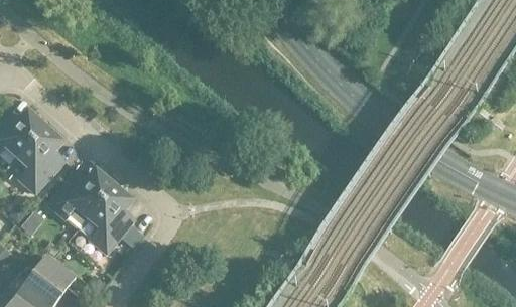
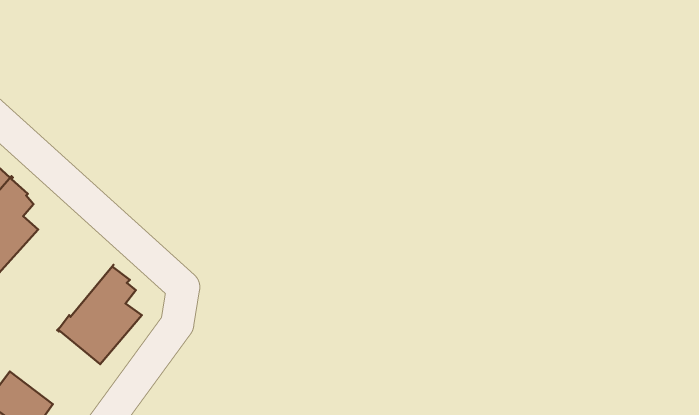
building: [48,170,114,225] -> none

